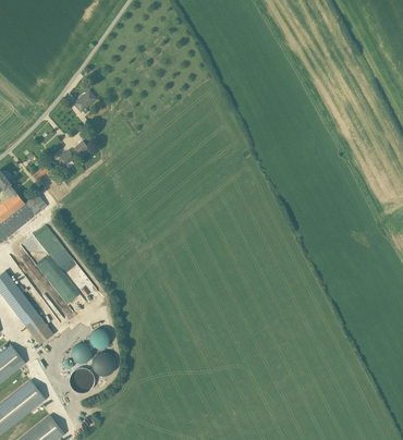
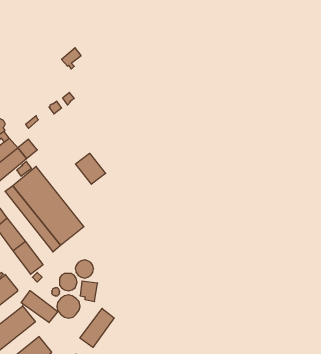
building: none -> [75,153,106,184]
building: none -> [21,291,58,323]
building: none -> [80,308,114,347]

